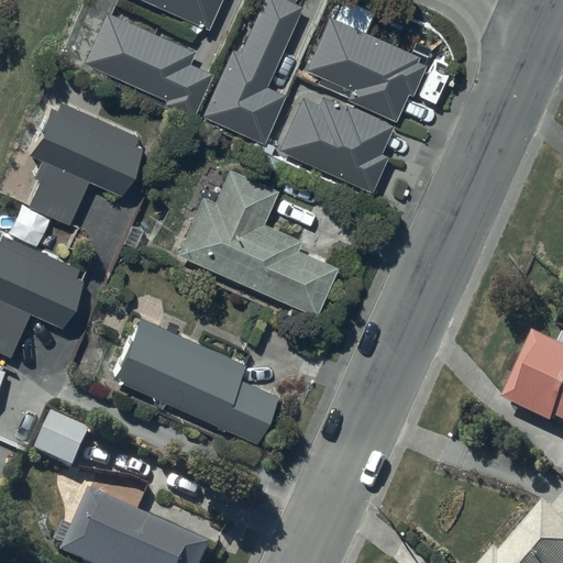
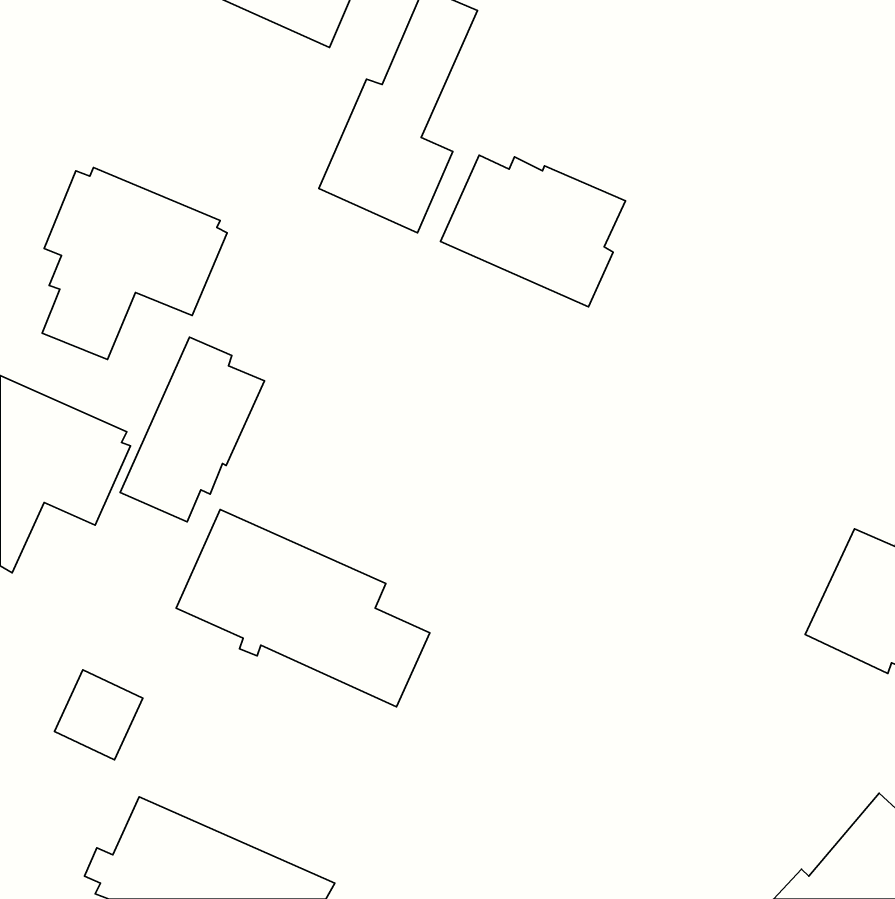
building: [85,12,213,119] -> none
building: [307,18,426,122] -> none
building: [178,169,336,316] -> none
building: none -> [120,337,265,522]

